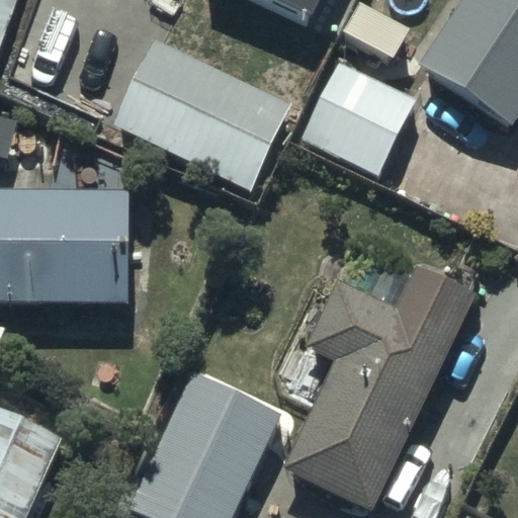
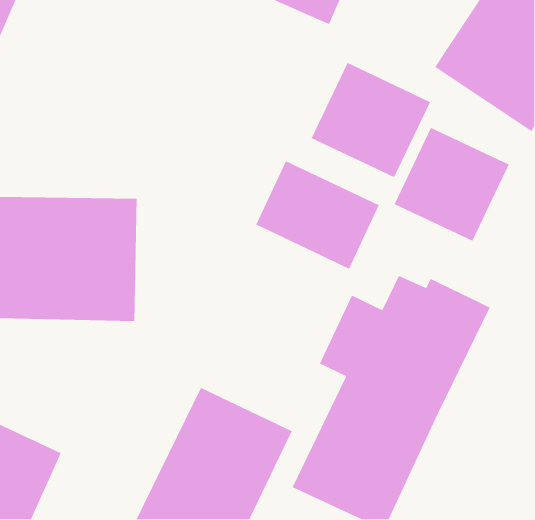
building: [108,35,289,187] -> none
building: none -> [393,127,510,242]
building: none -> [255,160,380,270]

